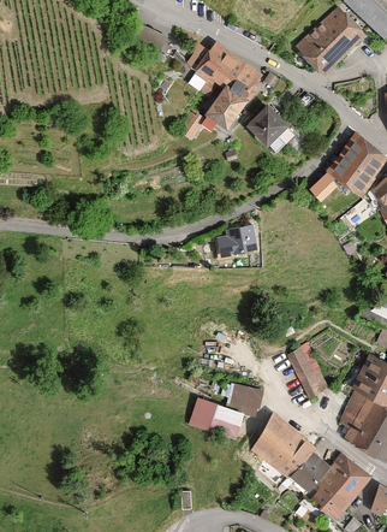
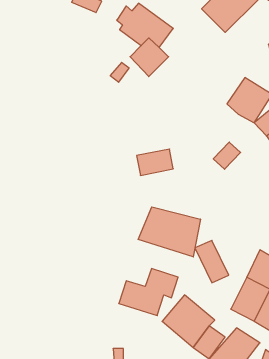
building: [244,101,290,147] -> none
building: [309,169,344,203] -> [213,142,241,169]
building: none -> [138,207,200,257]

